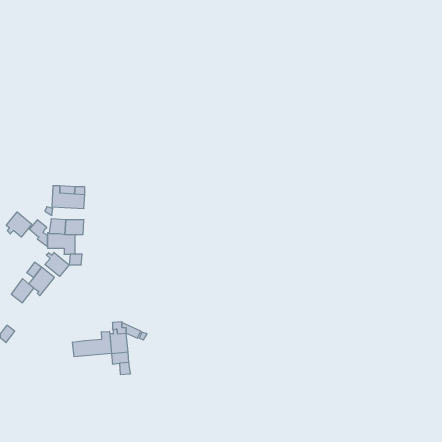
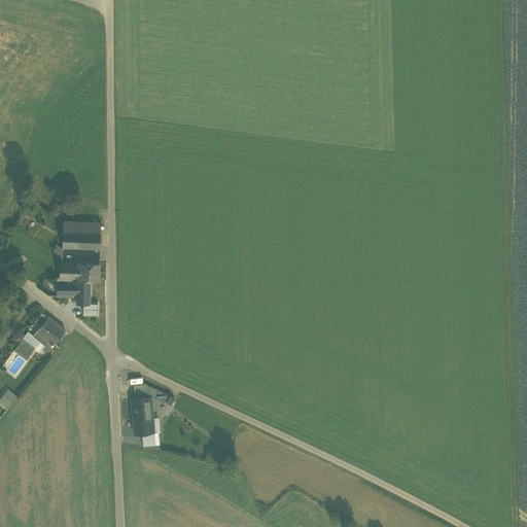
building: [6,212,32,237] -> none
building: [45,252,69,276] -> none
building: [73,331,111,357] -> none

